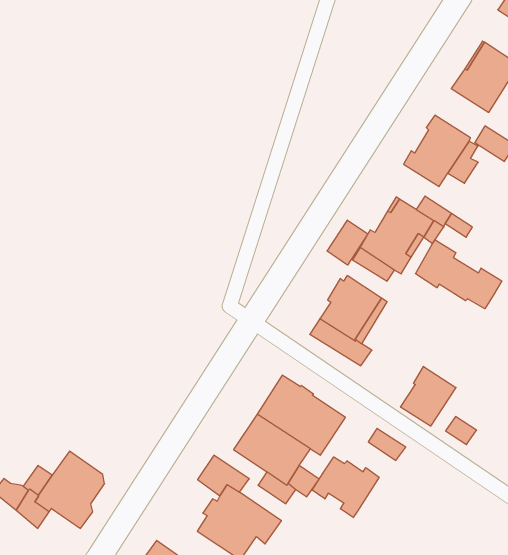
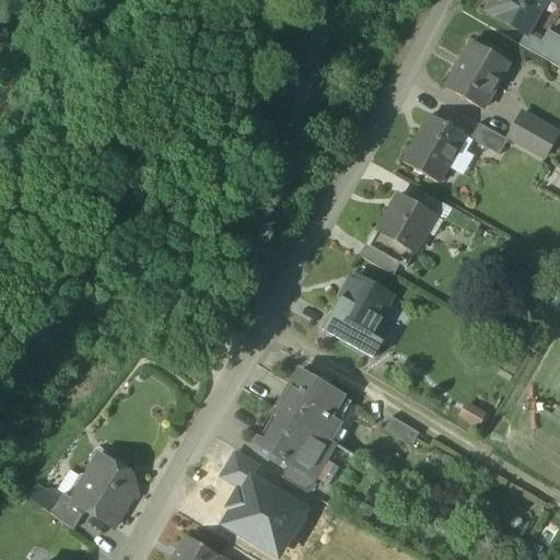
building: [327,220,368,265] -> none
building: [415,240,502,309] -> none
building: [401,366,456,426] -> none
building: [312,457,379,518] -> none

